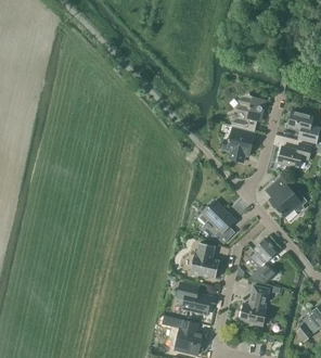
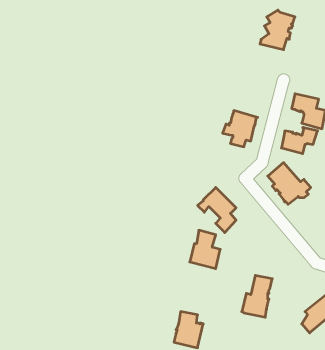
building: [231,93,265,131] -> [260,10,295,50]
building: [247,238,278,282] -> none
building: [177,282,210,314] -> none

